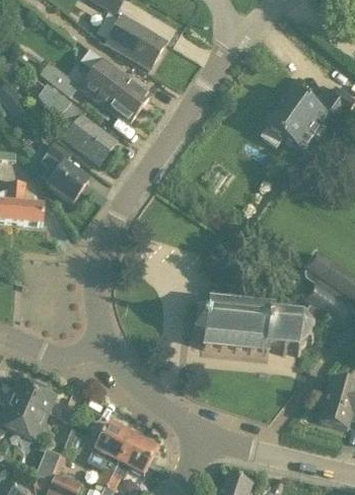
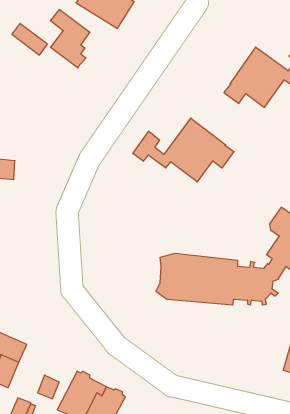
building: [109,72,149,123] -> none
building: [38,84,117,163] -> none
building: [41,142,88,202] -> none
building: none -> [133,118,234,182]

